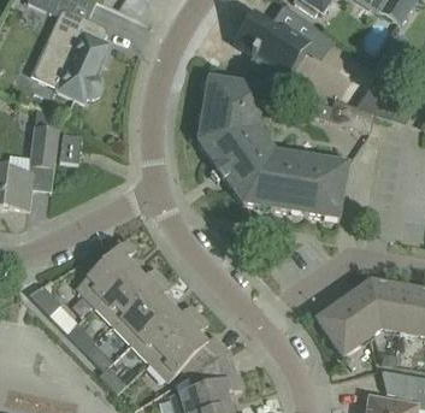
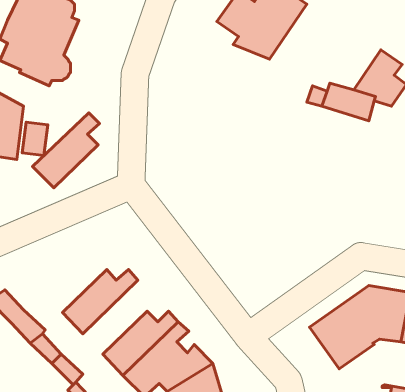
building: [197,78,348,218] -> none
building: [76,238,136,306] -> [32,113,100,188]
building: [113,277,172,343] -> none

